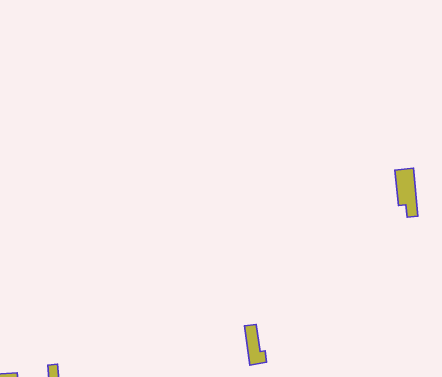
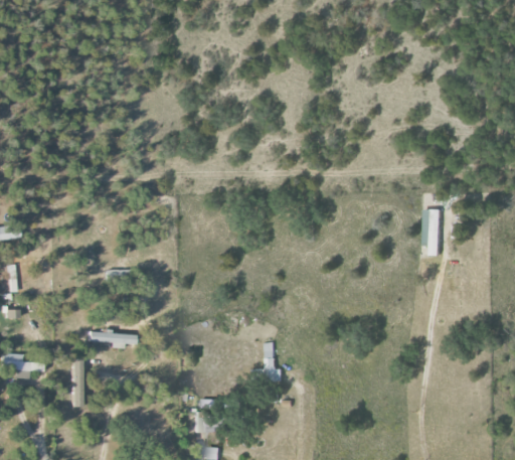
building: none -> [85,332,132,347]

